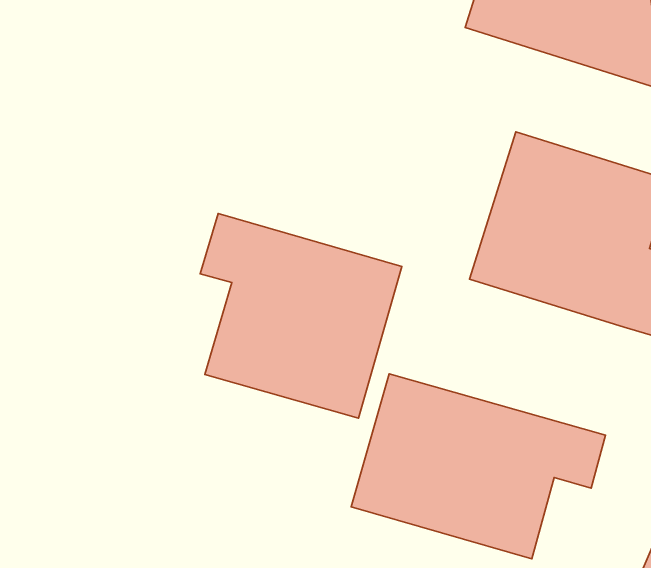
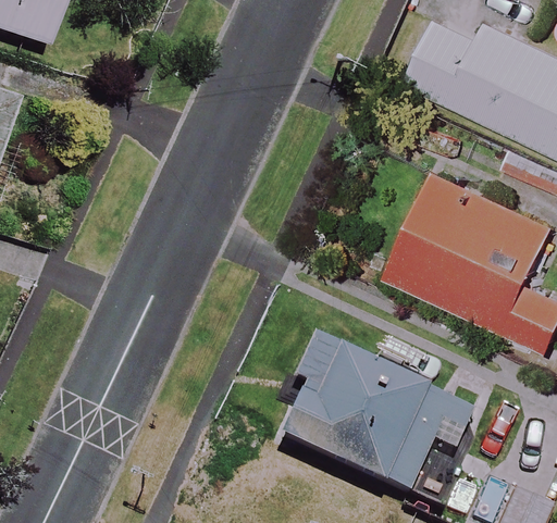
building: [200,214,402,418] -> none

